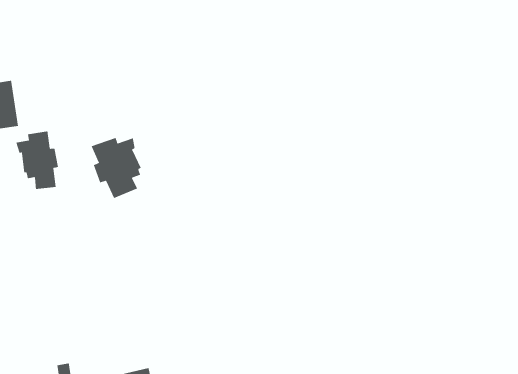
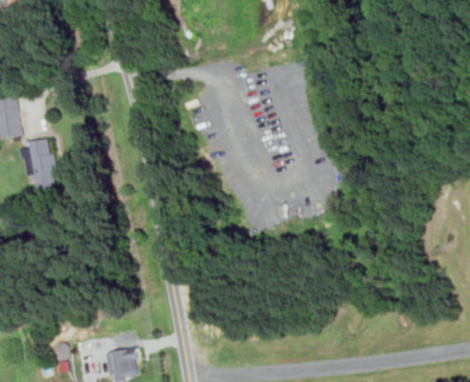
building: [91,137,141,199] -> none

